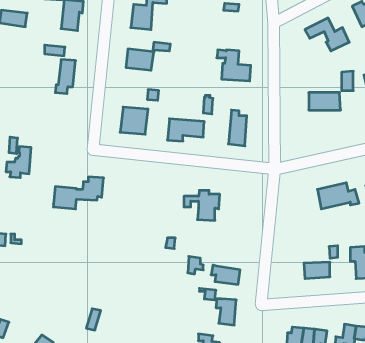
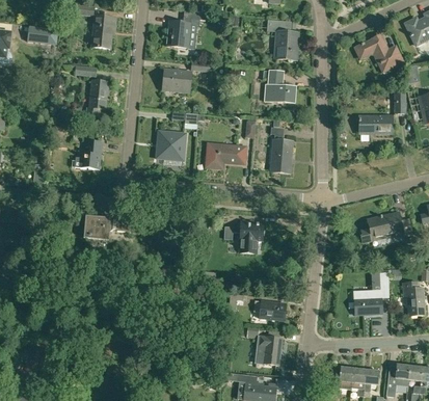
building: none -> [275,31,299,60]
building: [6,147,31,178] -> [75,140,102,173]

